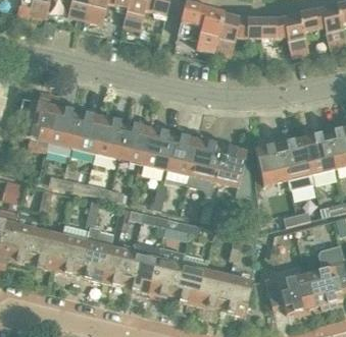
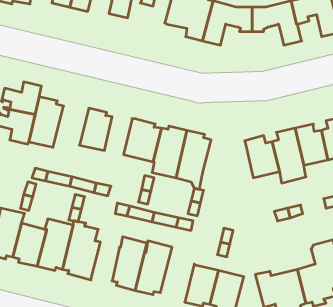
building: [70,112,103,152] -> none
building: [118,123,145,161] -> none
building: [213,145,251,195] -> none
building: [105,245,133,284] -> none
building: [172,250,208,303] -> none

